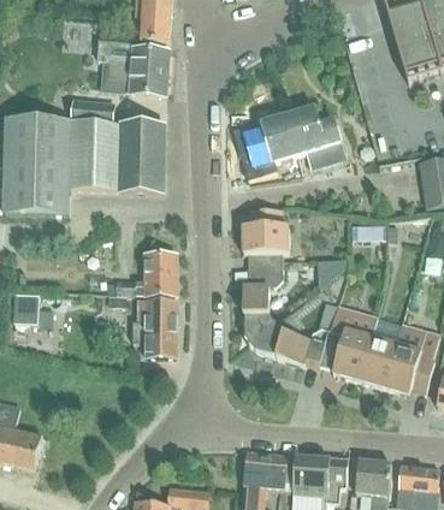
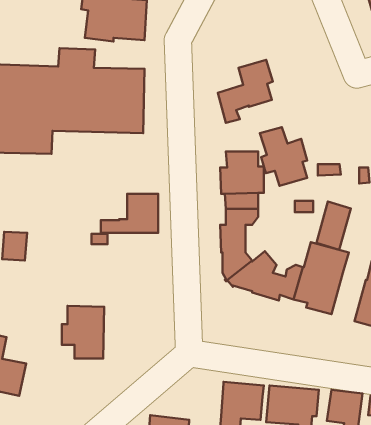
building: [291,106,341,167] -> [260,127,307,186]
building: [134,301,178,356] -> [62,306,104,358]
building: [360,336,396,386] -> [316,202,351,250]

